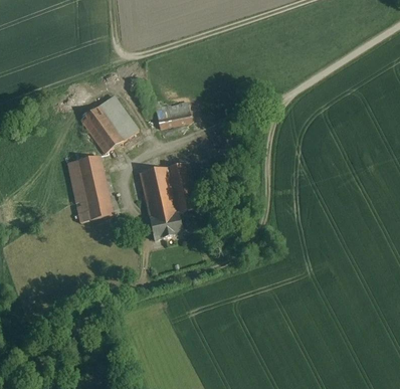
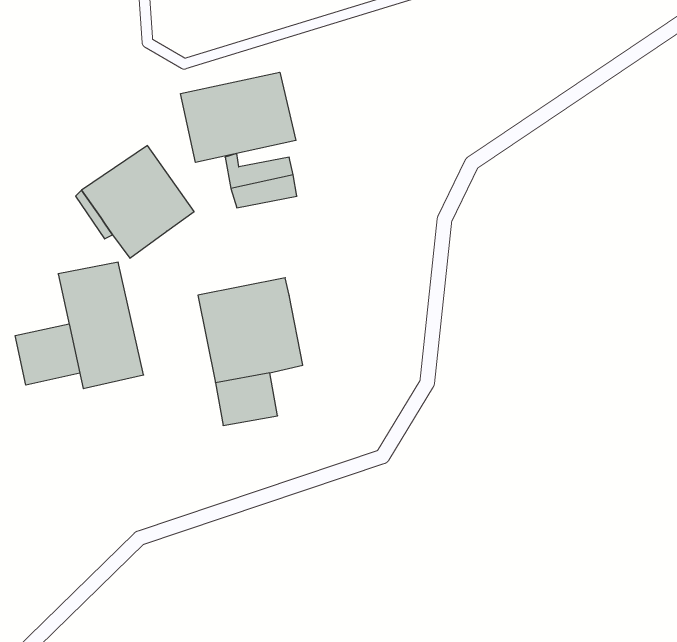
building: none -> [181,72,296,162]
building: none -> [15,324,80,385]

